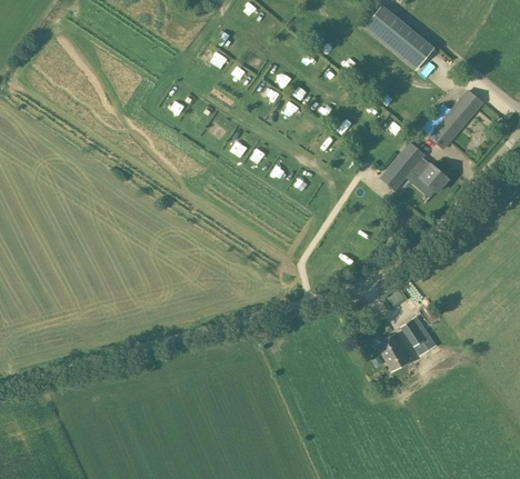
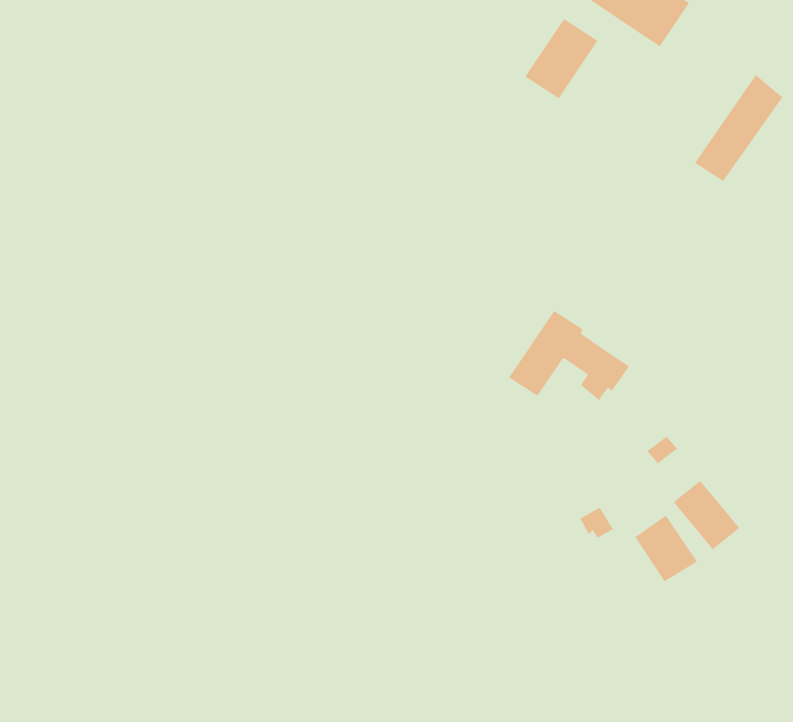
building: none -> [525,18,598,99]
building: [380,143,449,197] -> [508,310,630,401]

